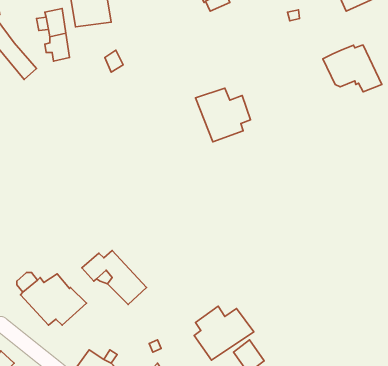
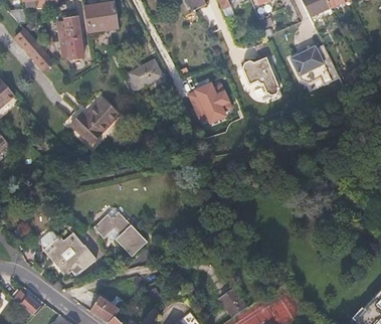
building: none -> [245,38,282,94]
building: none -> [122,59,162,94]
building: none -> [68,104,117,147]
building: [194,306,254,360] -> none

